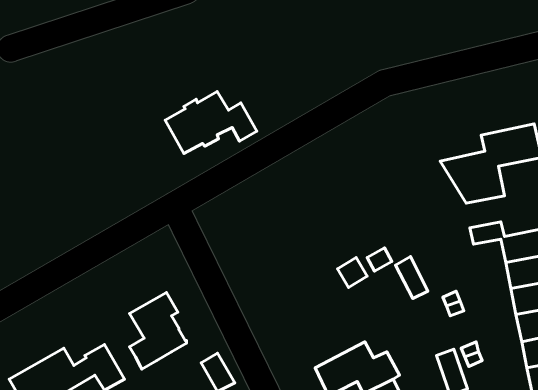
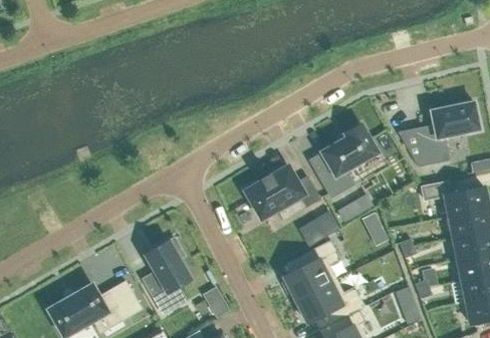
building: [165,92,257,154] -> [244,168,318,219]
building: none -> [317,124,378,198]
building: none -> [281,240,340,300]

